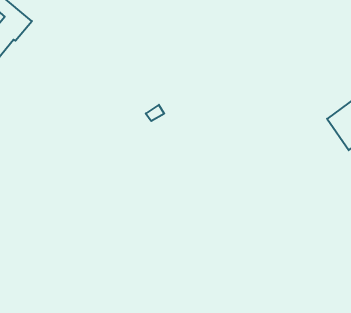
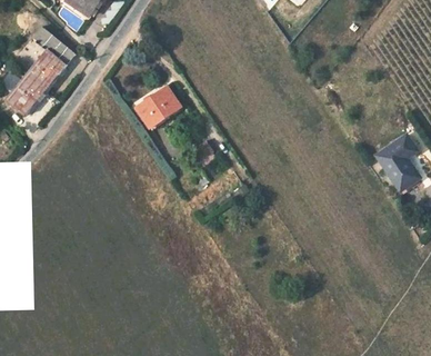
building: none -> [137,88,180,129]

